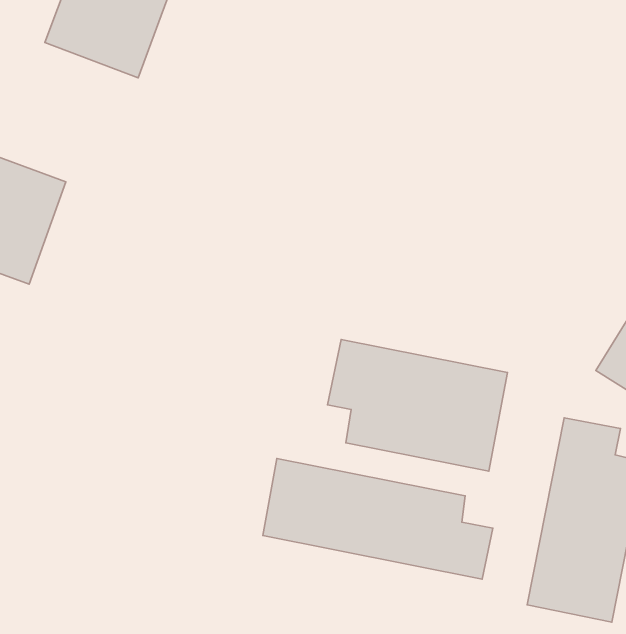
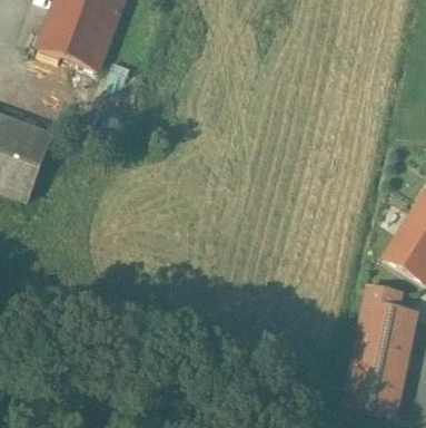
building: [328,339,508,471] -> none
building: [263,459,493,579] -> none

